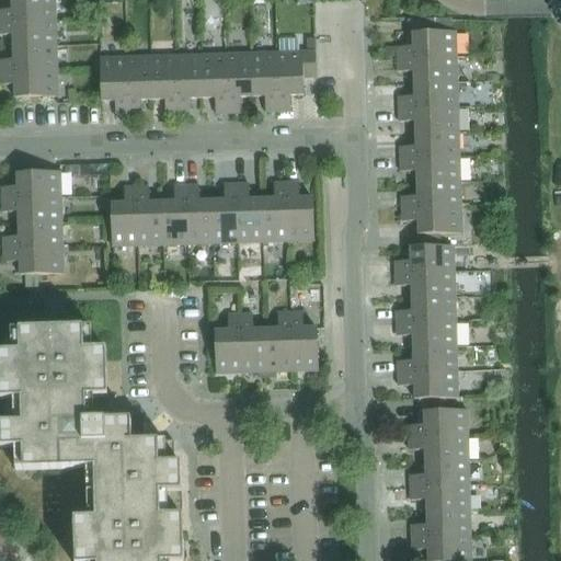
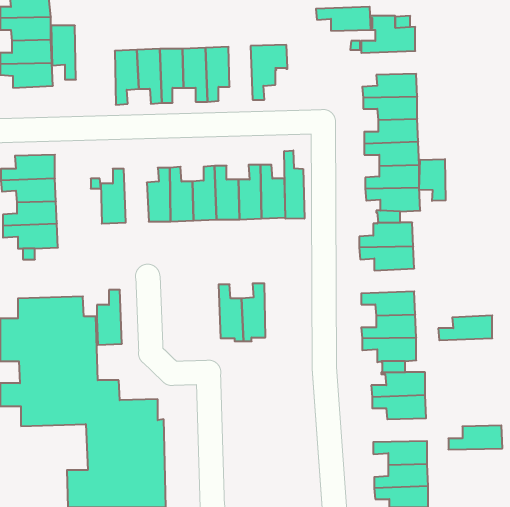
building: [251,50,277,111] -> none
building: [100,56,127,115] -> [51,26,76,80]
building: [397,56,457,82] -> [316,7,371,31]
building: none -> [284,150,304,219]
building: none -> [419,159,446,201]
building: [136,185,163,244] -> none
building: [396,295,455,322] -> [438,315,492,340]
building: [290,310,318,370] -> none
building: [214,312,242,373] -> [96,290,122,345]
building: [410,459,469,485] -> [448,425,502,449]

